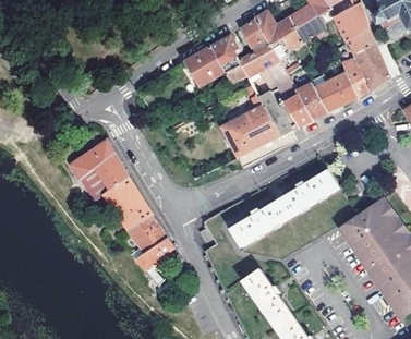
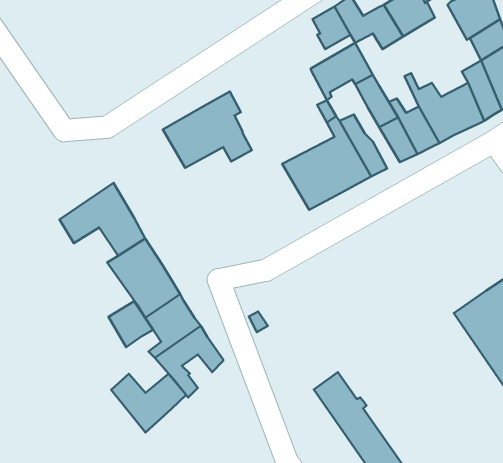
building: [186,33,247,85] -> [163,91,252,168]
building: [78,169,109,201] -> [109,301,153,347]
building: [230,170,339,246] -> none
building: none -> [111,374,186,433]

